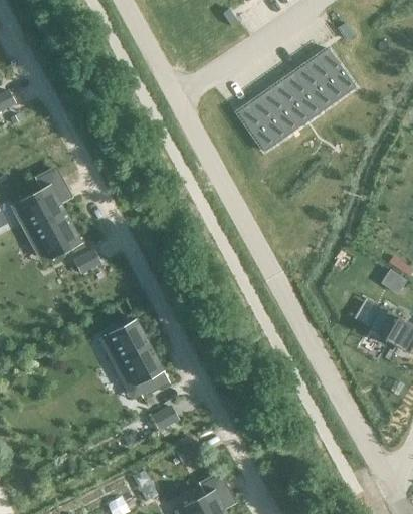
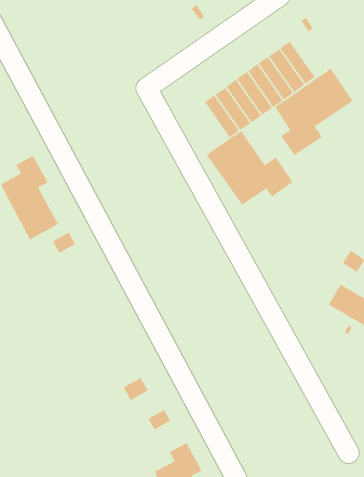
building: none -> [275,68,353,156]
building: none -> [206,130,293,206]
building: [105,317,166,394] -> none

